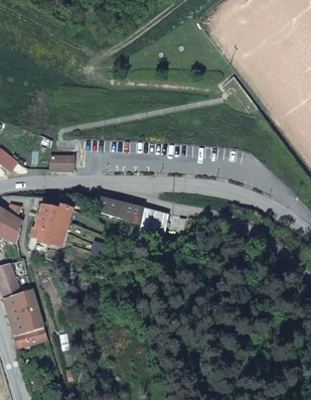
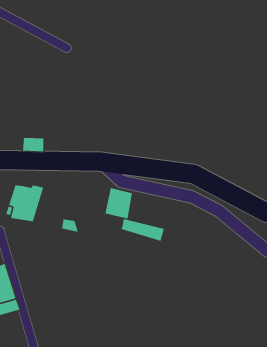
building: [94,195,141,221] -> [120,218,165,242]

